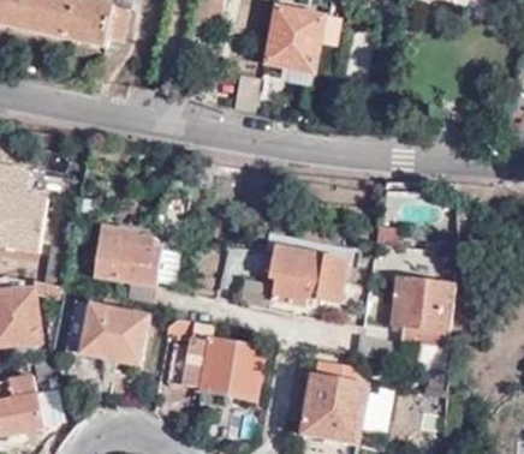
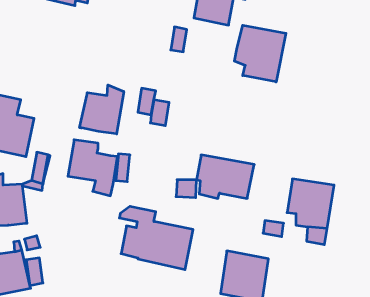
building: none -> [234,25,286,82]
building: none -> [80,85,124,134]
building: [67,299,150,364] -> none

